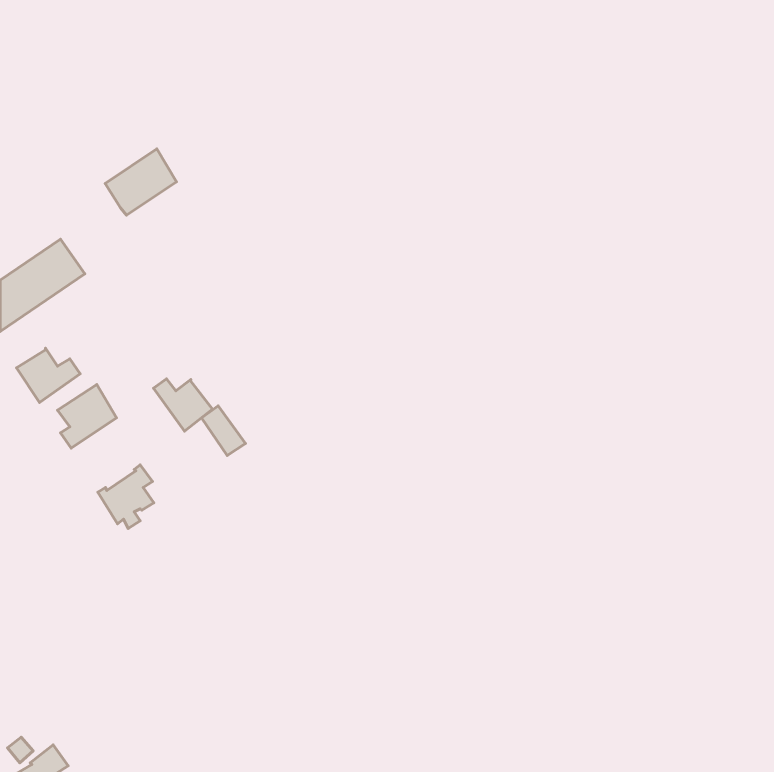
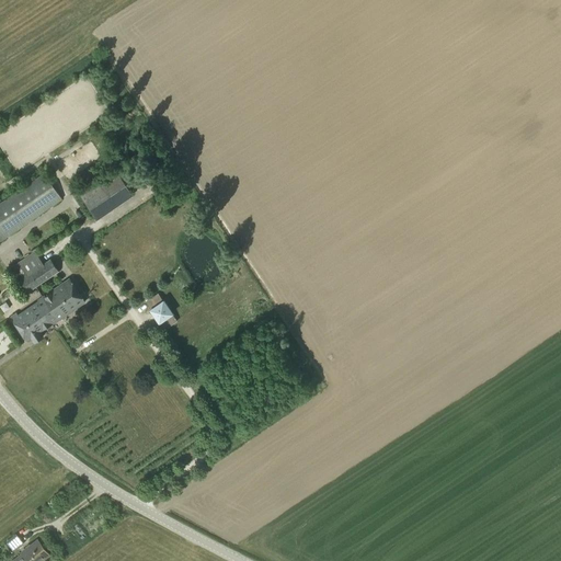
building: [105,149,176,215] -> [79,170,130,218]
building: [154,379,213,431] -> none
building: [98,465,154,528] -> [11,298,51,344]

